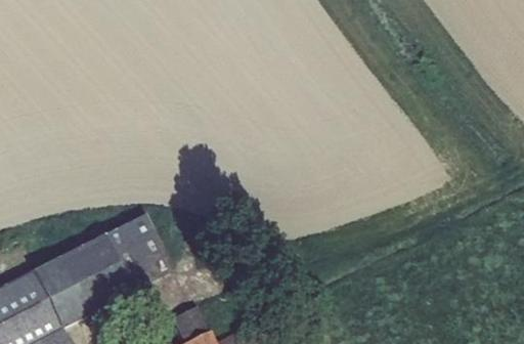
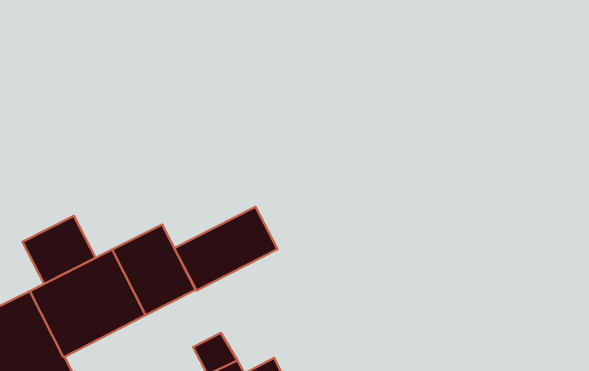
building: none -> [174,207,278,290]
building: none -> [22,216,95,284]

